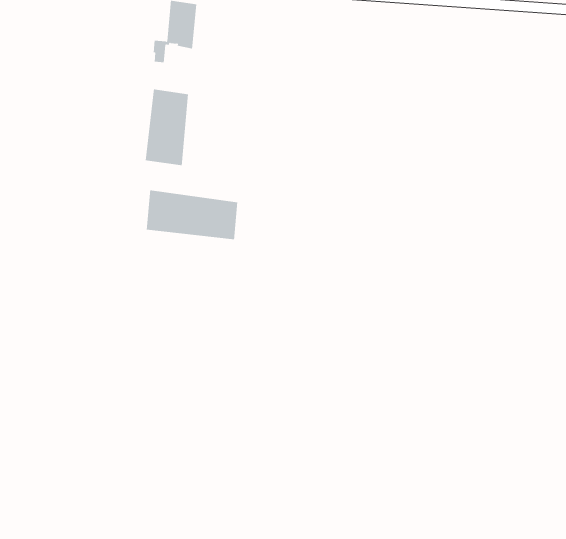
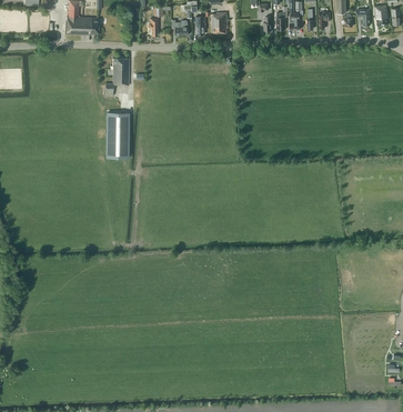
building: [146,190,238,240] -> none

